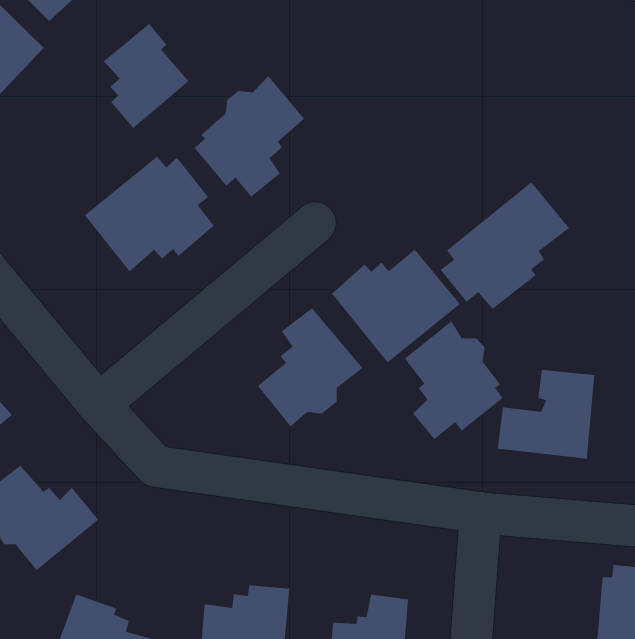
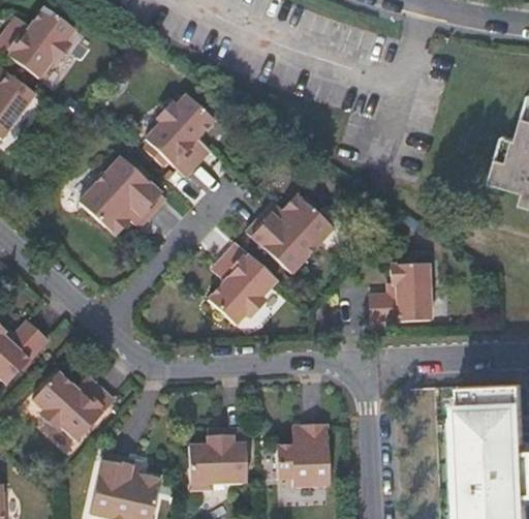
building: [103,23,190,129] -> none
building: [440,181,570,310] -> none
building: [404,320,504,440] -> none

